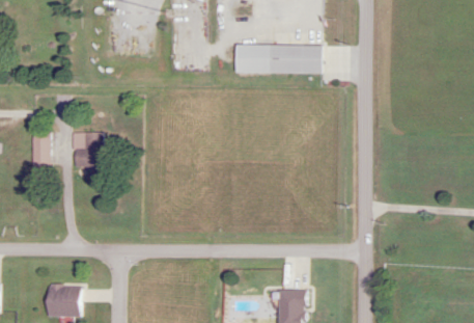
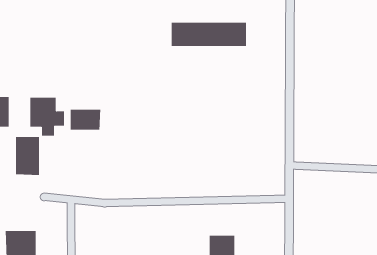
building: none -> [70,109,101,131]
building: none -> [15,136,39,176]

